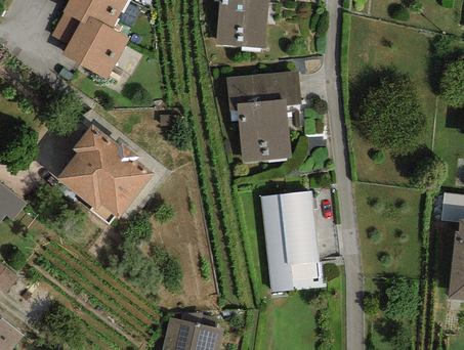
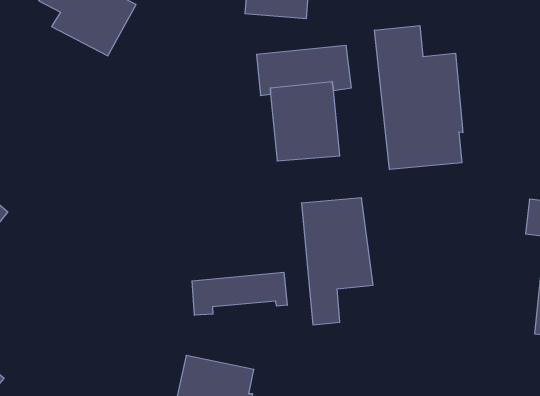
building: none -> [375,26,463,170]
building: [57,124,154,224] -> none
building: none -> [192,272,287,315]

